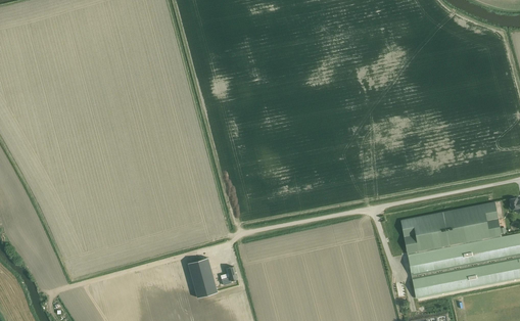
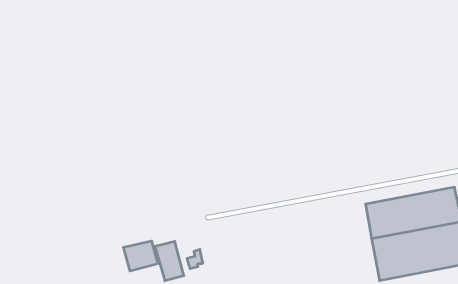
building: none -> [123,241,158,271]

